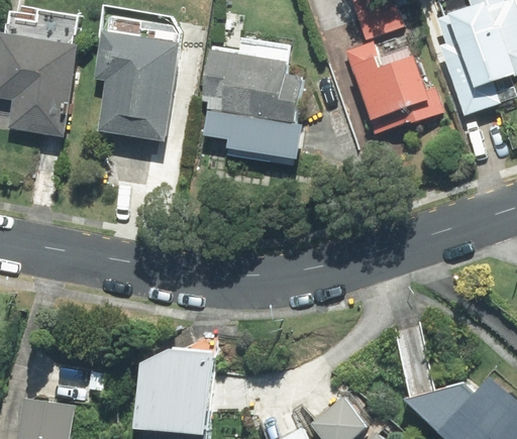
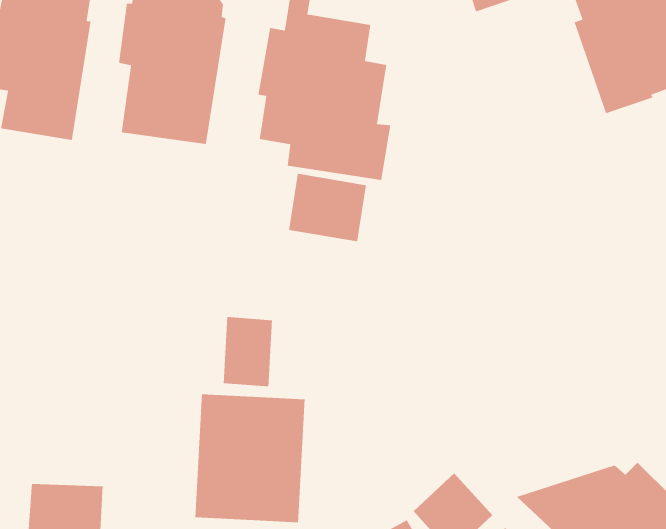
building: [345,42,442,134] -> none
building: none -> [288,173,367,242]
building: none -> [223,316,273,387]

